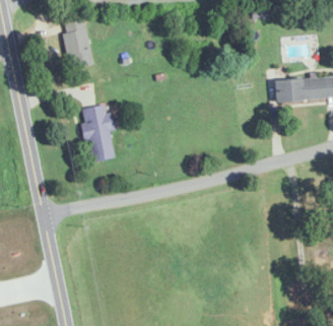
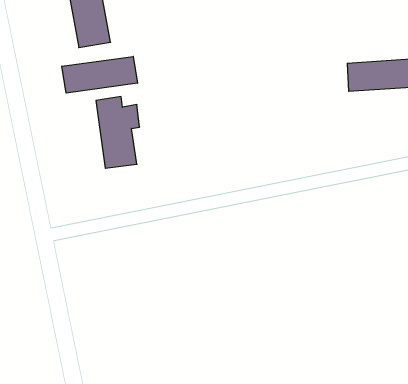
building: none -> [62,56,137,93]

